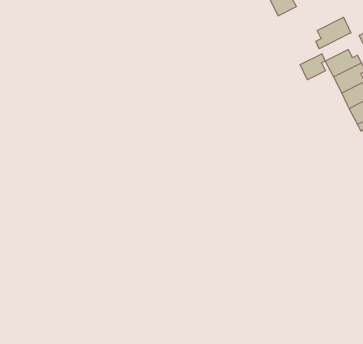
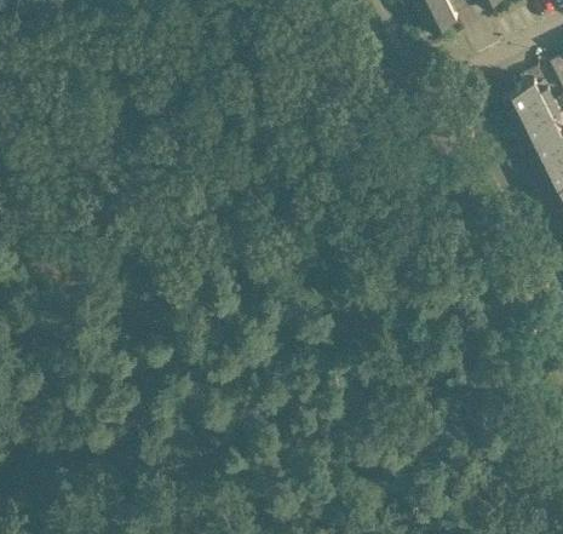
building: [316,17,351,49] -> none
building: [300,54,325,80] -> none

